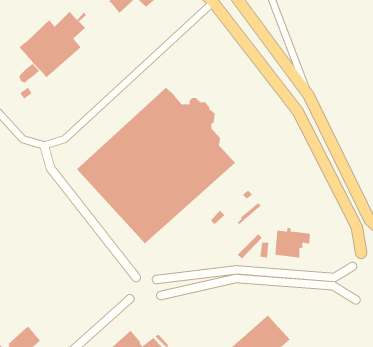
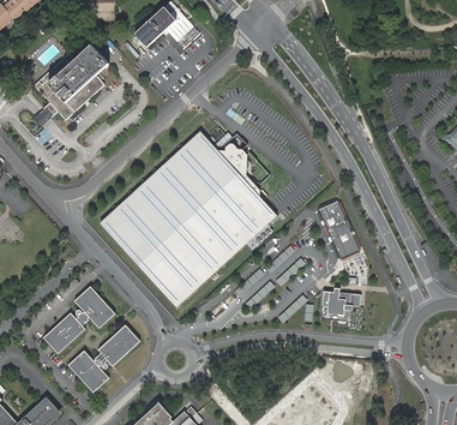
building: none -> [318,200,360,259]
building: none -> [43,287,115,354]
building: none -> [68,325,140,393]

